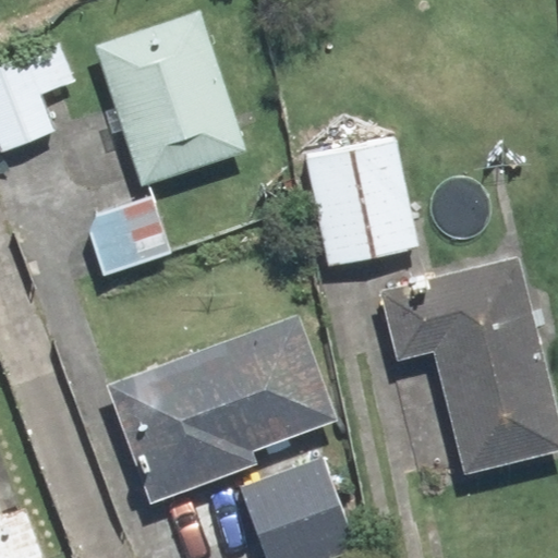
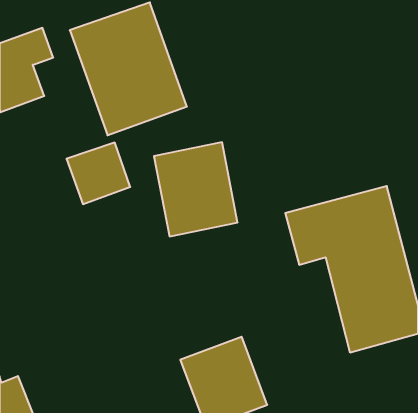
building: [305,143,416,268] -> [154,142,238,236]
building: [108,315,333,506] -> none

